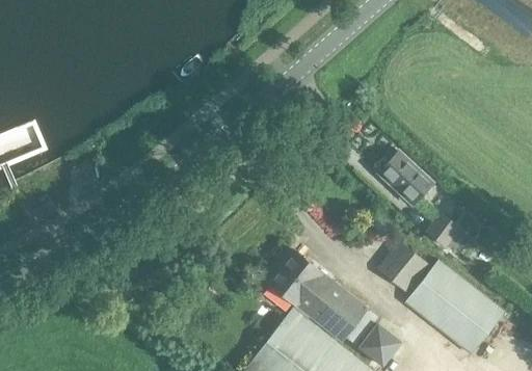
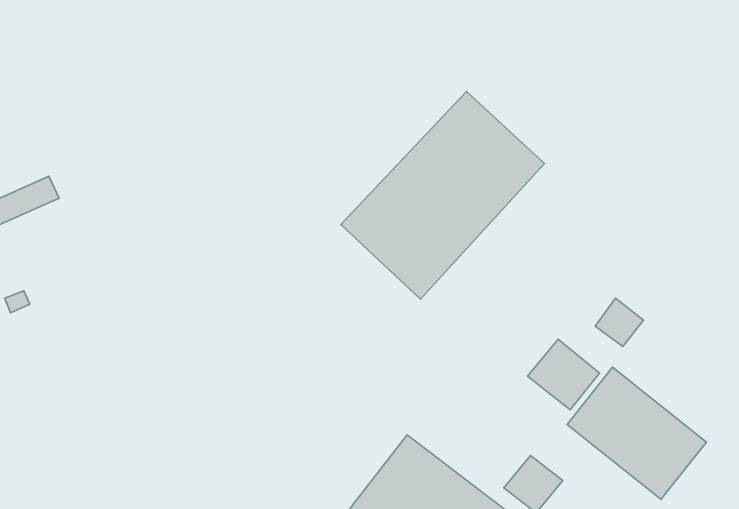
building: none -> [341,91,544,299]
building: [378,153,432,206] -> none
building: [267,250,368,343] -> none

